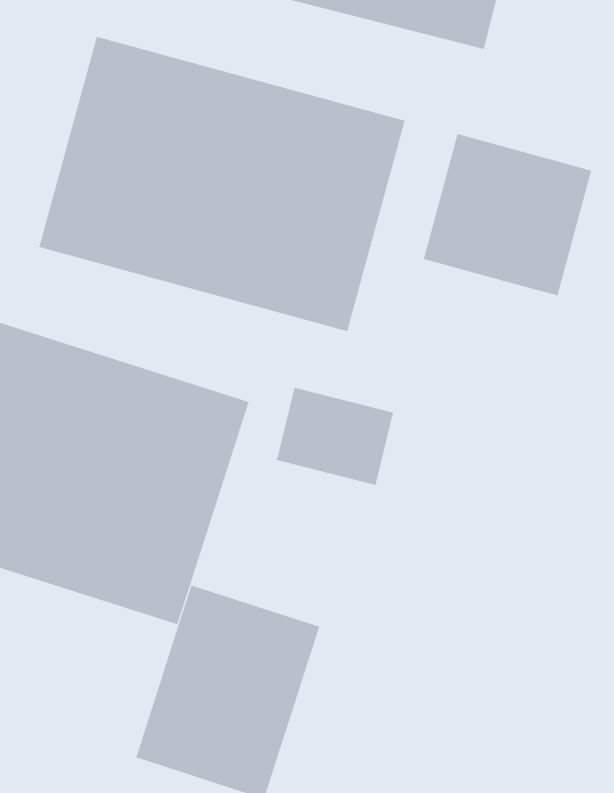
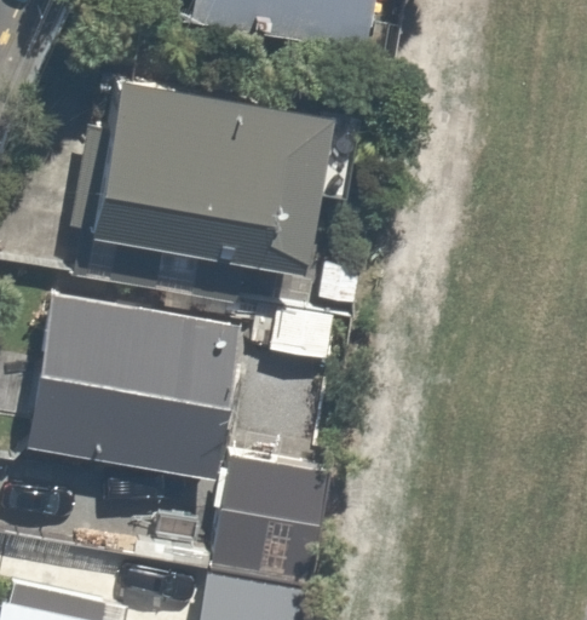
building: [423,133,592,296] -> none

